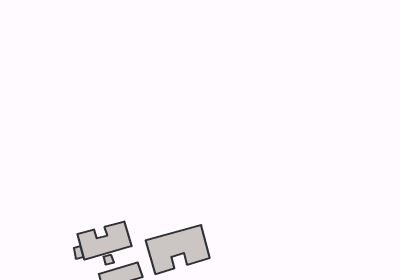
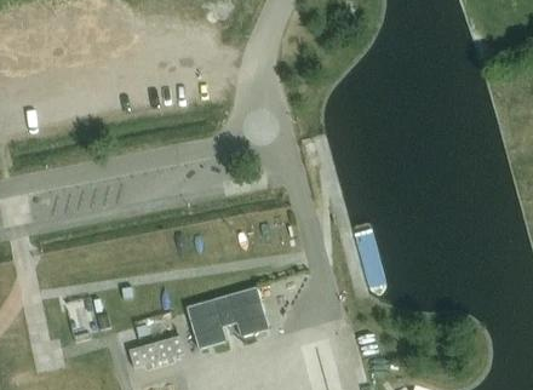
building: [77,221,132,260] -> none

